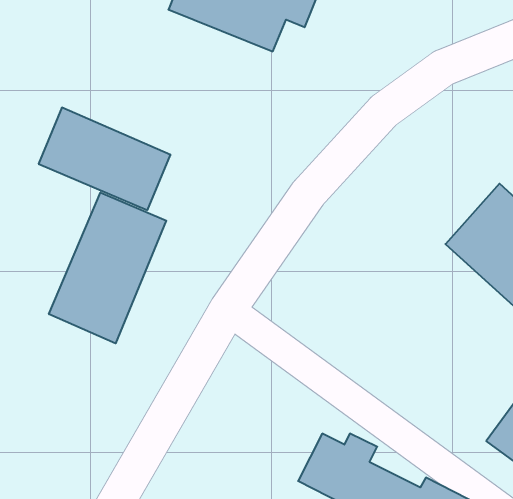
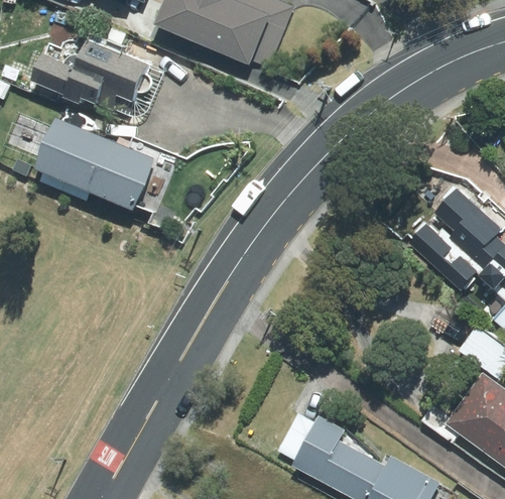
building: none -> [23,37,153,114]
building: [49,192,166,343] -> none

